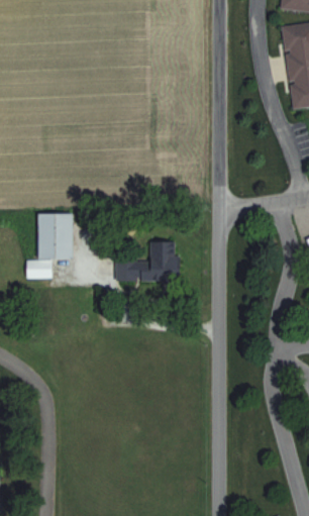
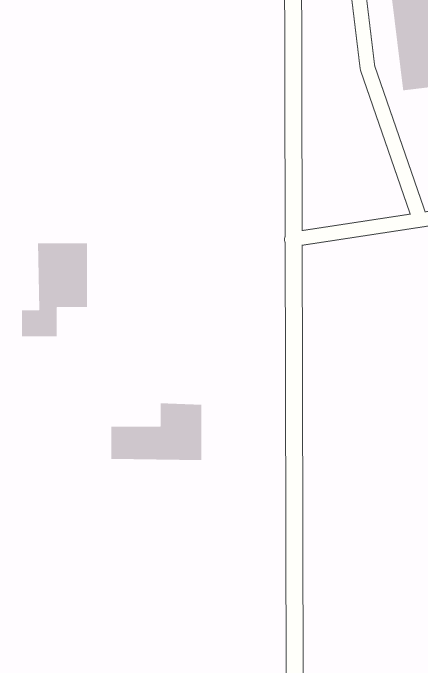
building: [115,240,179,281] -> [110,403,202,461]

